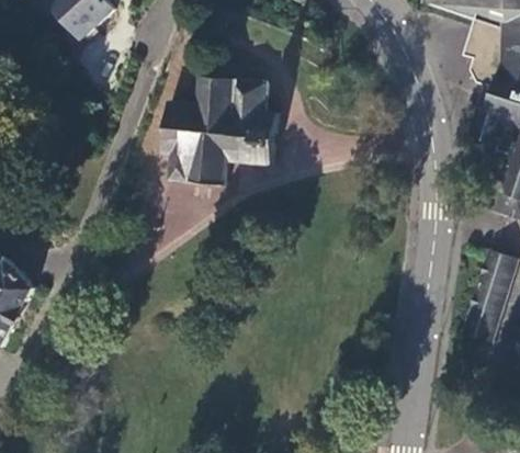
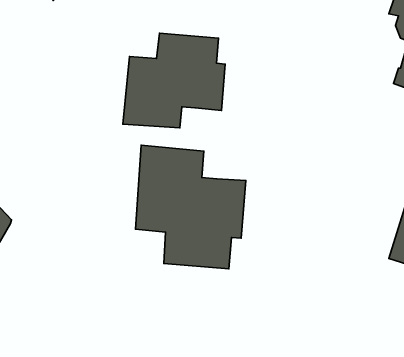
building: none -> [136,145,246,269]

